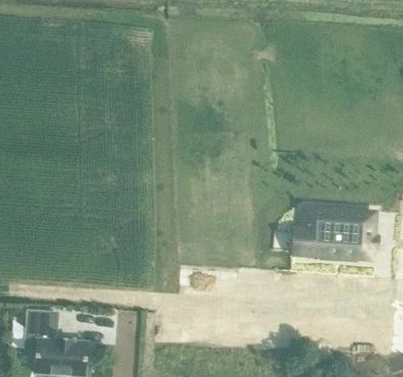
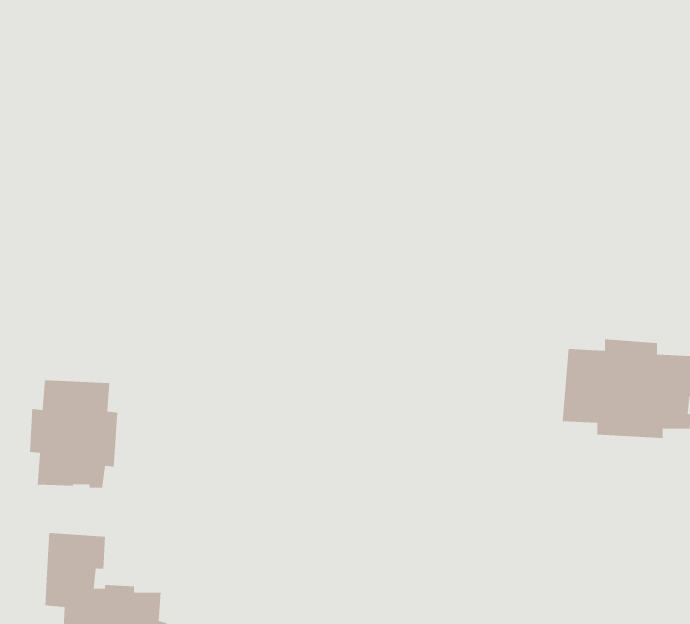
building: none -> [29,379,118,488]

